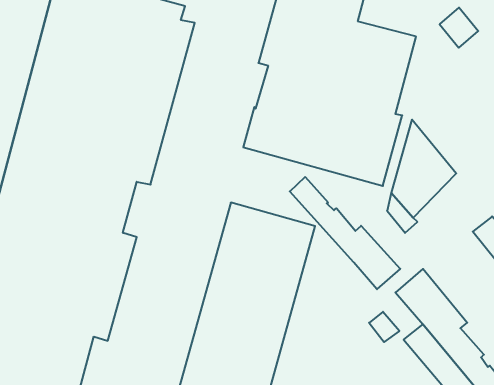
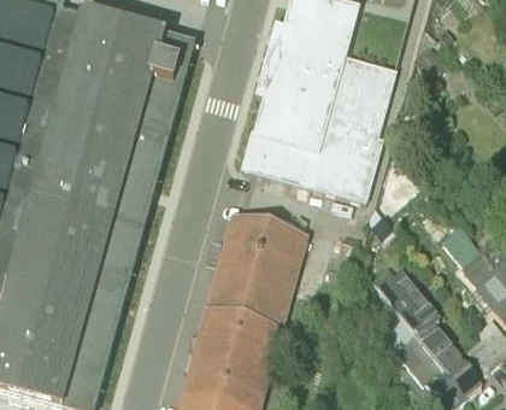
building: [290,177,400,289] -> none

